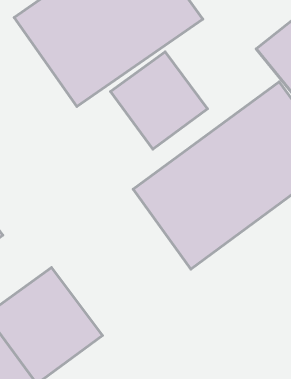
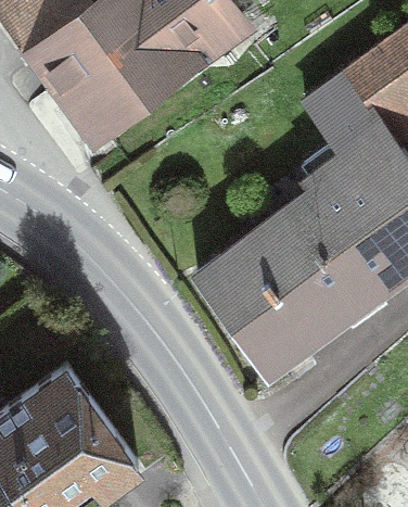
building: [110,52,208,149] -> none

